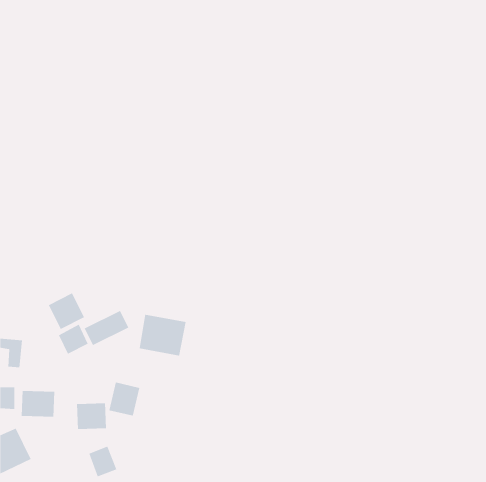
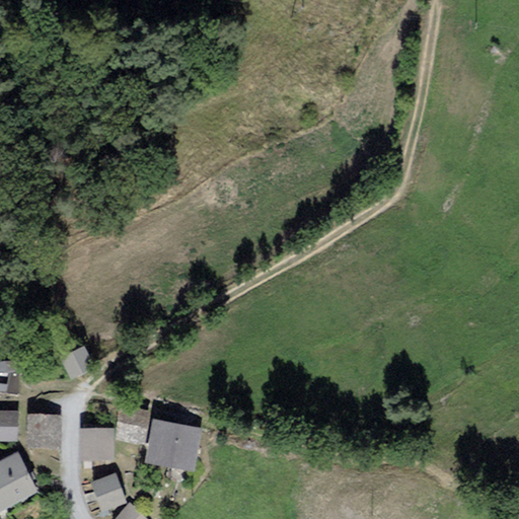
building: [48,293,85,330] -> none
building: [84,310,129,346] -> none
building: [139,314,187,356] -> [148,421,199,465]

